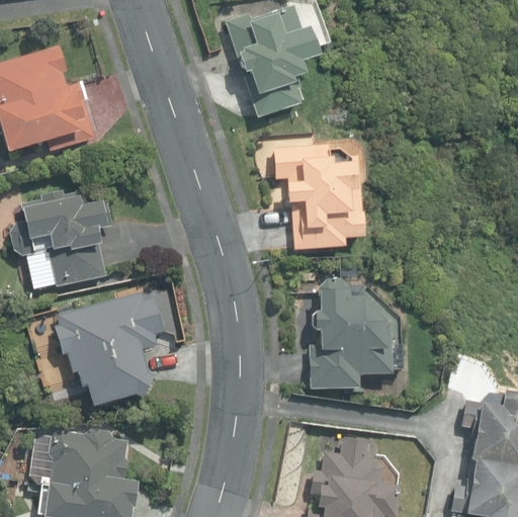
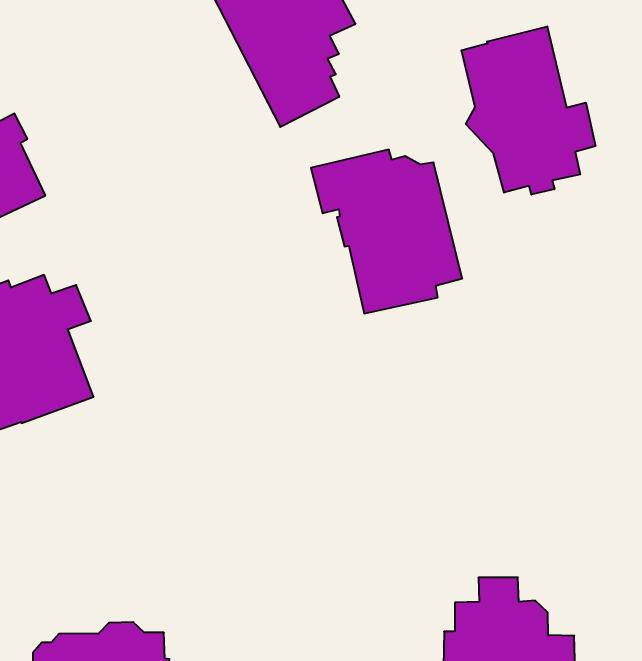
building: none -> [461,26,595,195]
building: [310,279,392,389] -> none
building: [56,291,164,406] -> none

